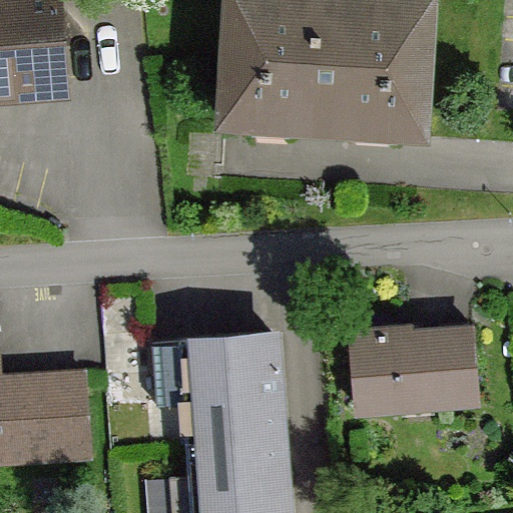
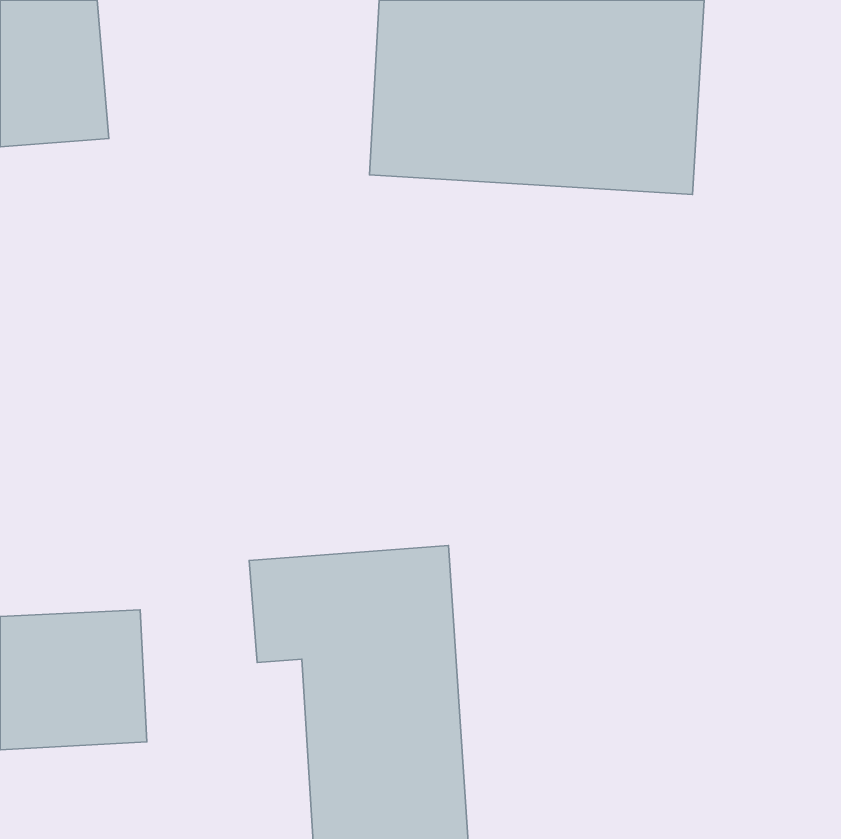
building: [354,327,479,407] -> none

